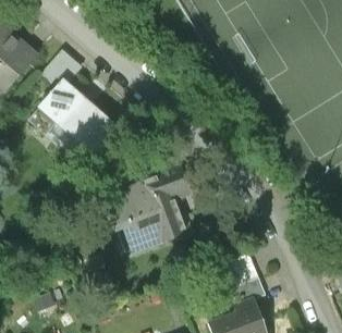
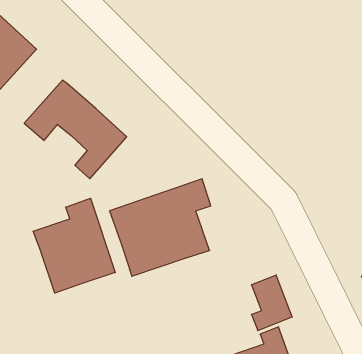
building: [40,49,82,85] -> none
building: none -> [33,198,115,293]

